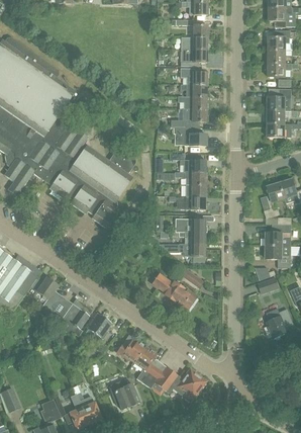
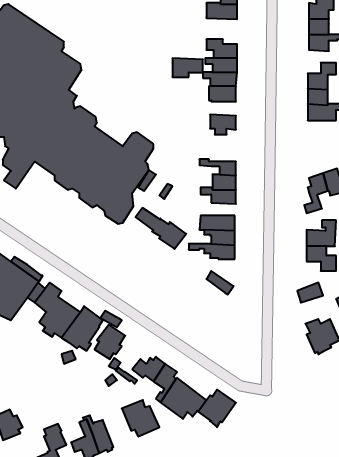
building: [180,49,206,65] -> [172,58,203,77]
building: [172,151,205,172] -> none
building: [153,273,196,309] -> [136,208,186,249]

